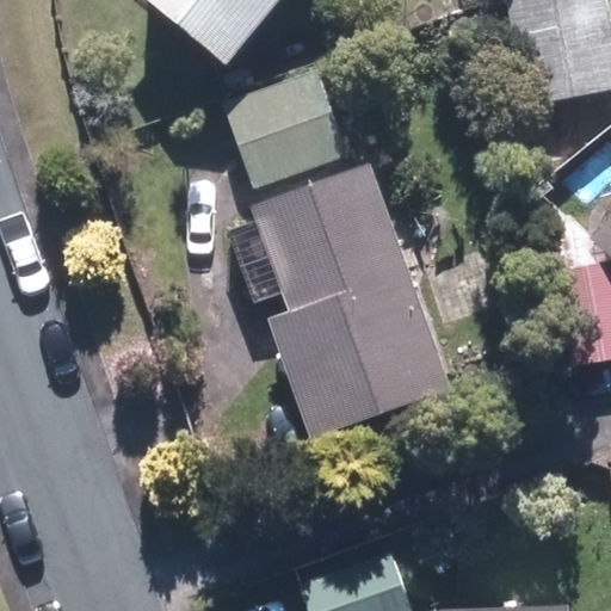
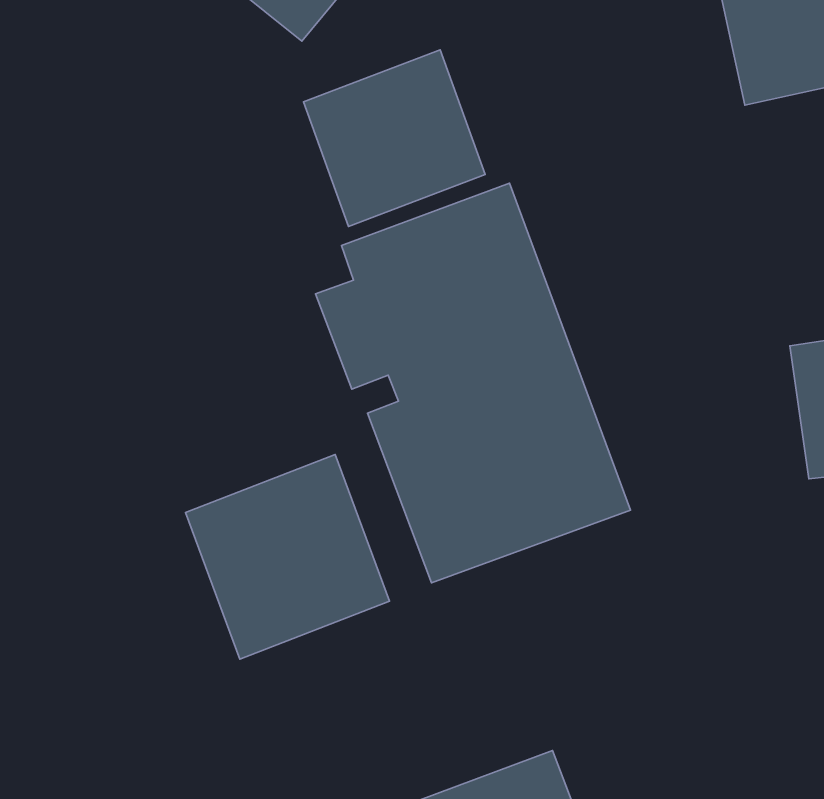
building: none -> [185,455,389,659]

